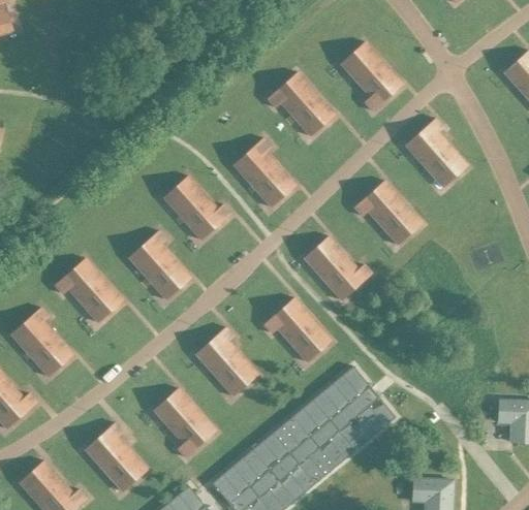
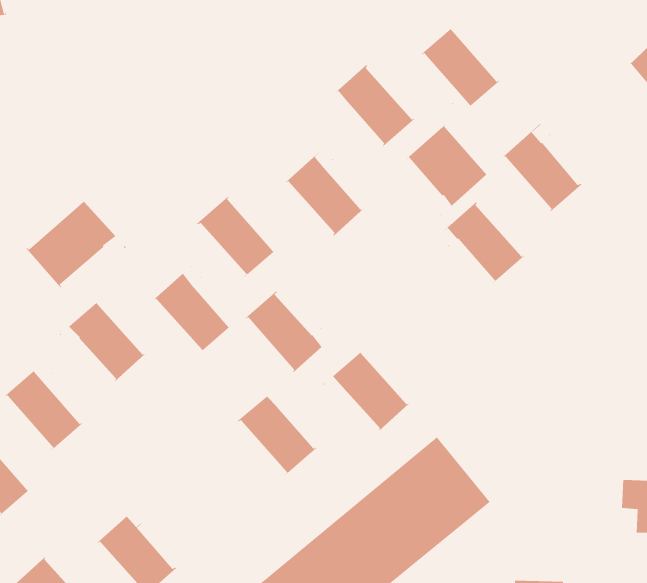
building: none -> [406,124,490,217]
building: none -> [26,198,127,288]
building: [304,235,372,300] -> [245,290,331,373]
building: [154,388,216,457] -> none

